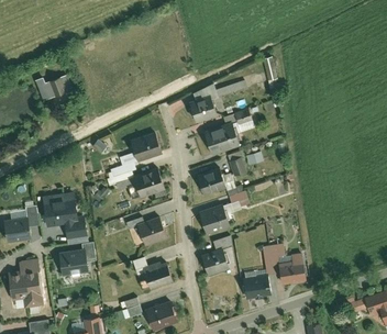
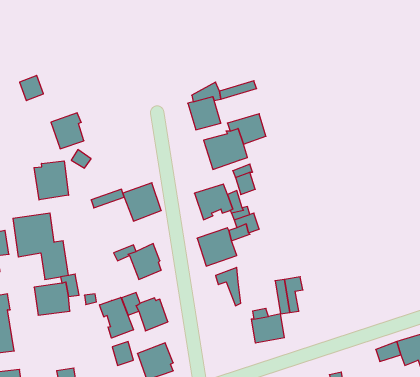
building: [132,131,159,160] -> [51,113,84,149]
building: none -> [34,161,69,200]
building: [198,248,228,276] -> none
building: [277,253,305,283] -> none
building: none -> [100,297,133,338]

